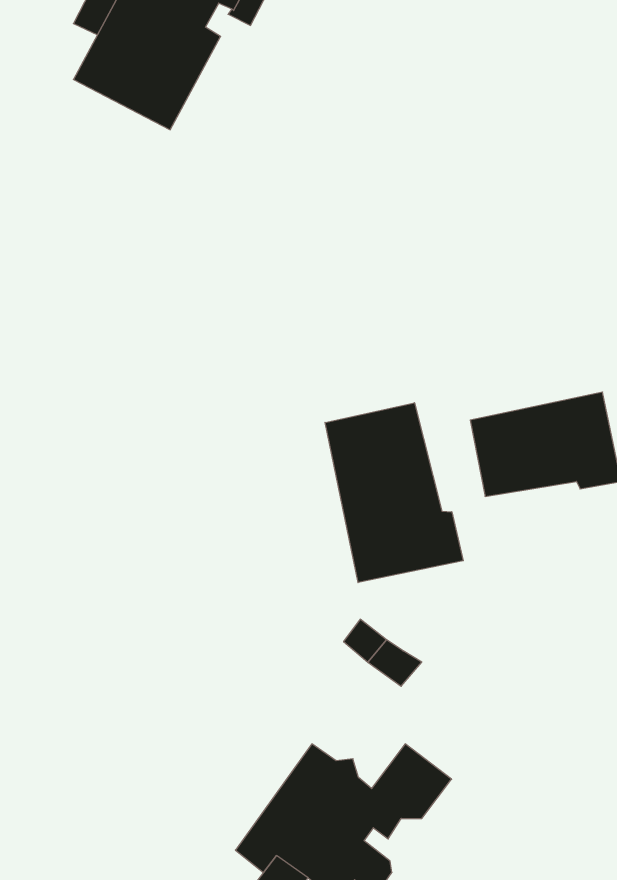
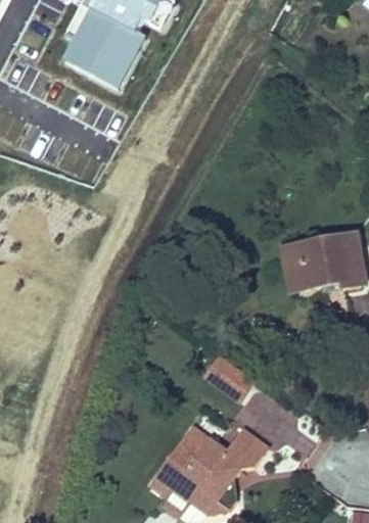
building: [325,403,463,583] -> none

